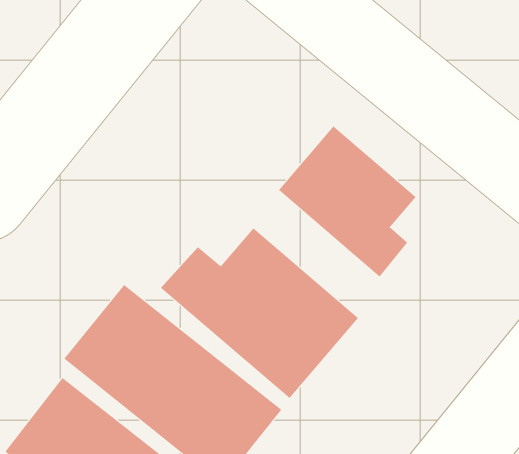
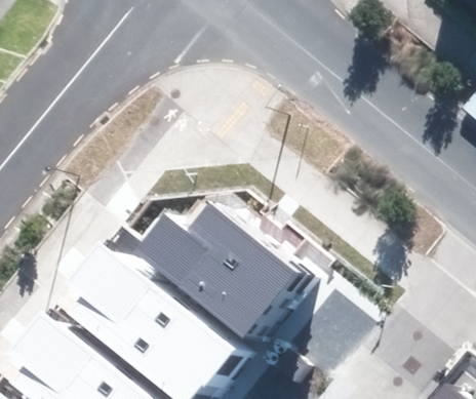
building: [278,126,416,278] -> none

